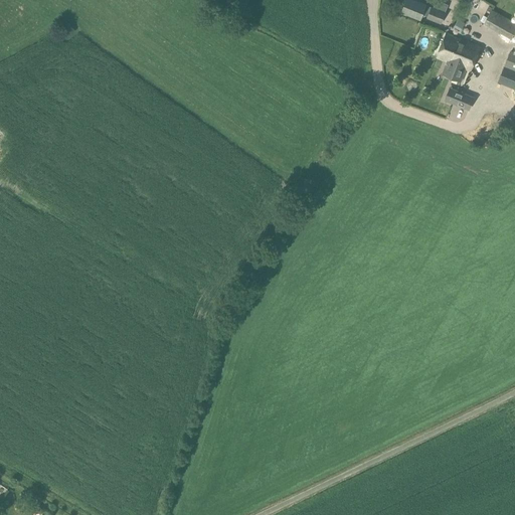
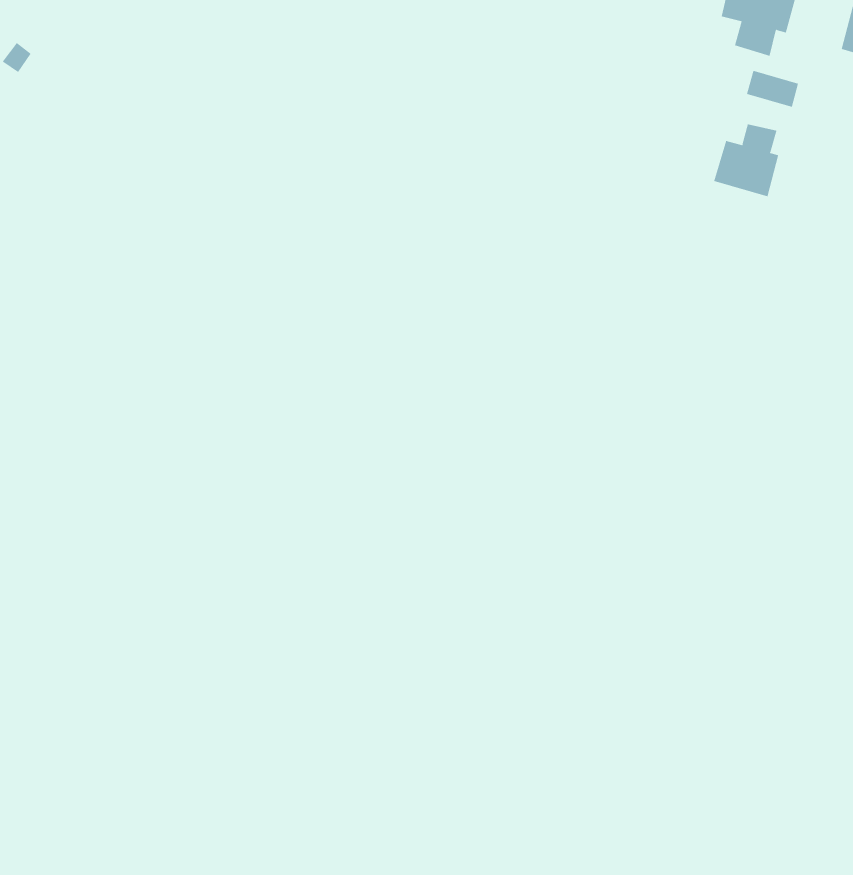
building: none -> [714,123,779,197]

